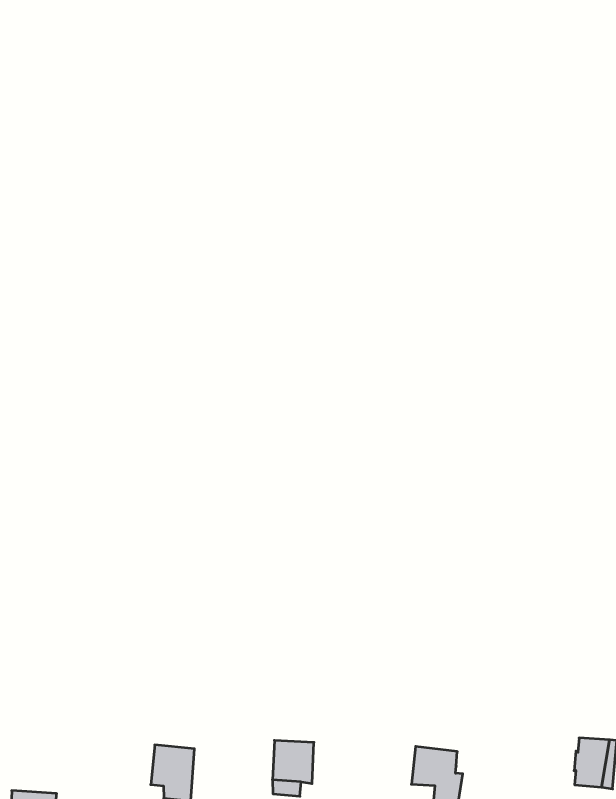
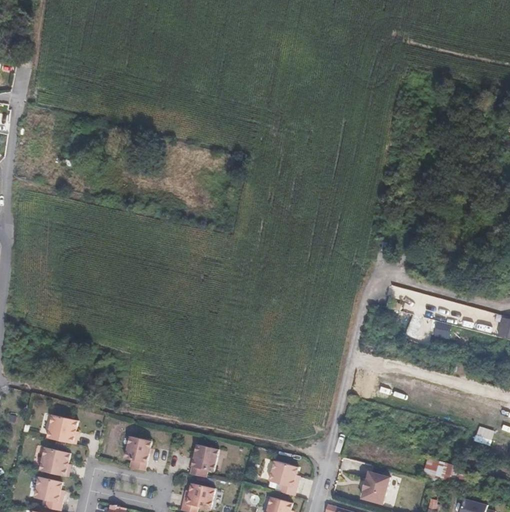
building: none -> [46,414,76,443]

